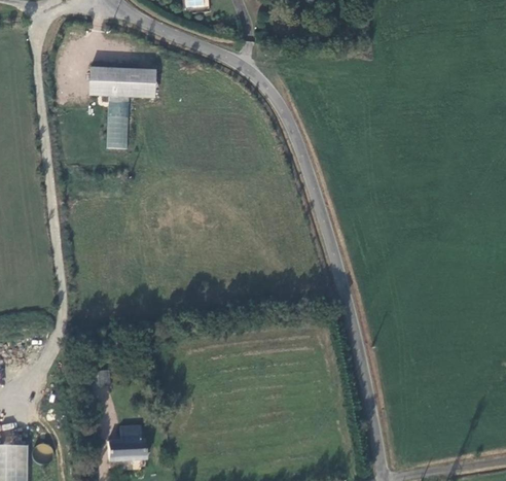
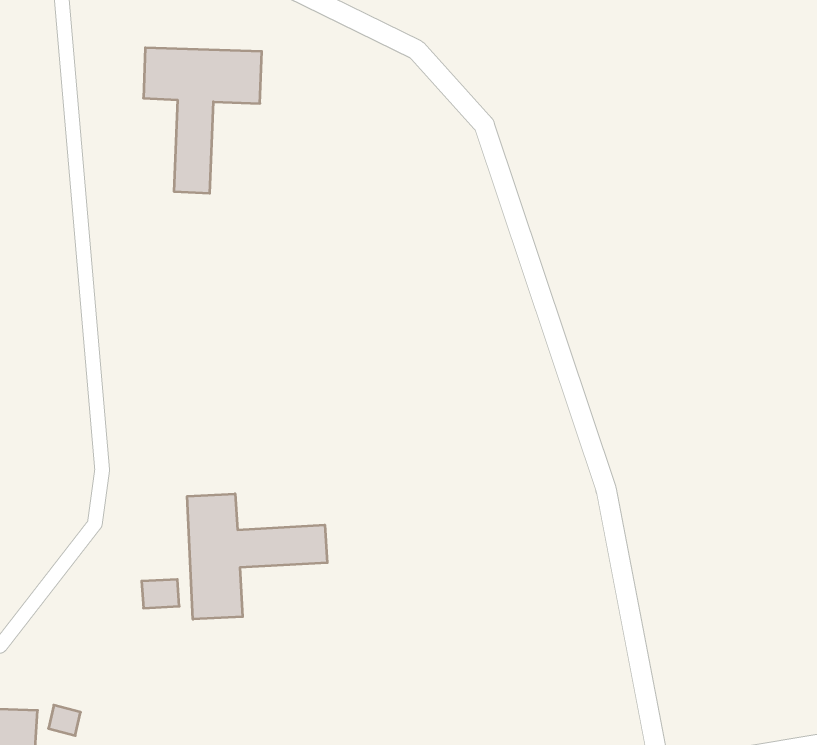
building: none -> [187,494,327,619]
building: [108,425,146,460] -> none

